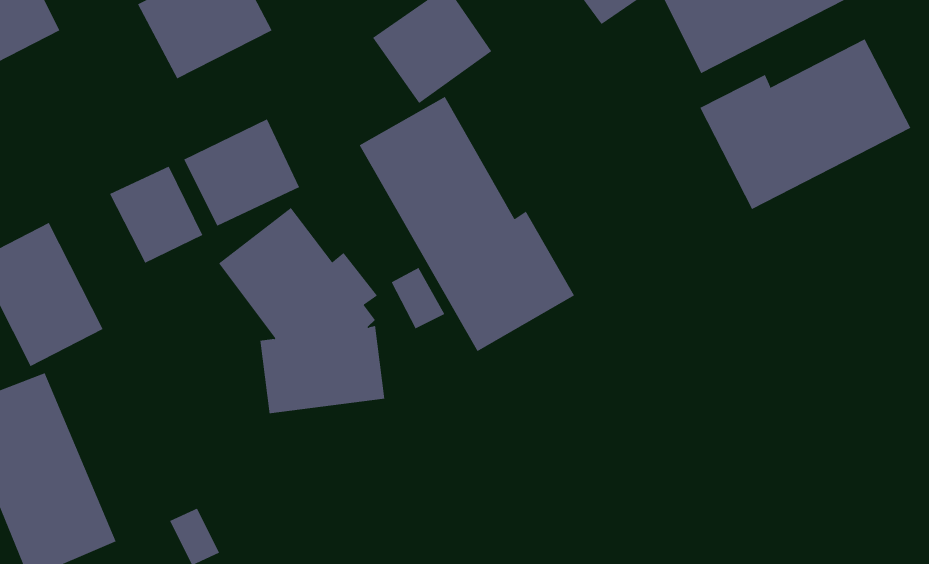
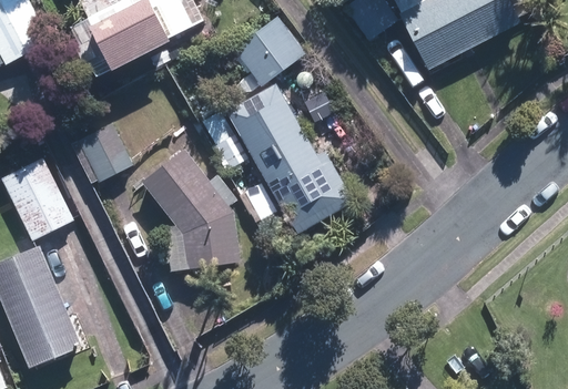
building: [700,38,911,210] -> none
building: [184,118,300,227] -> none

